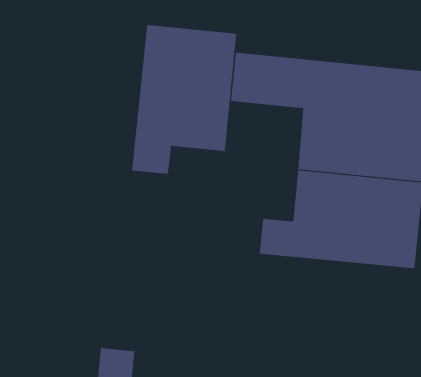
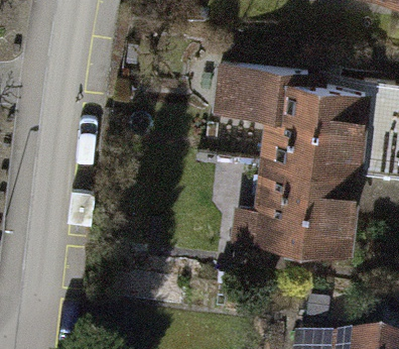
building: [132,24,237,175] -> none

